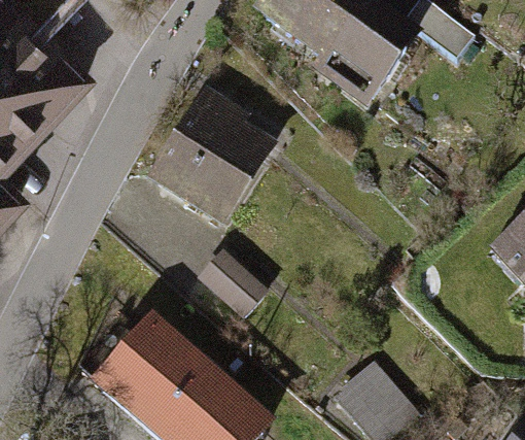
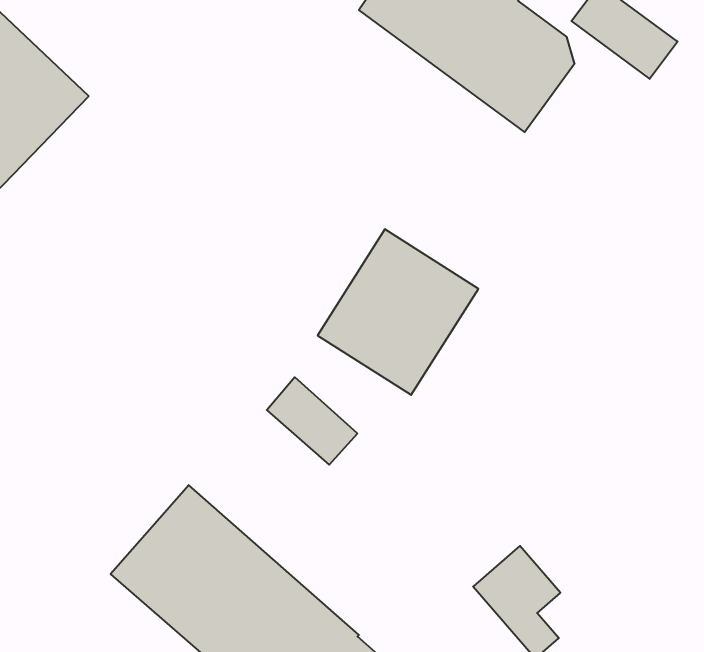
building: [154,103,260,212] -> [318,229,478,395]

